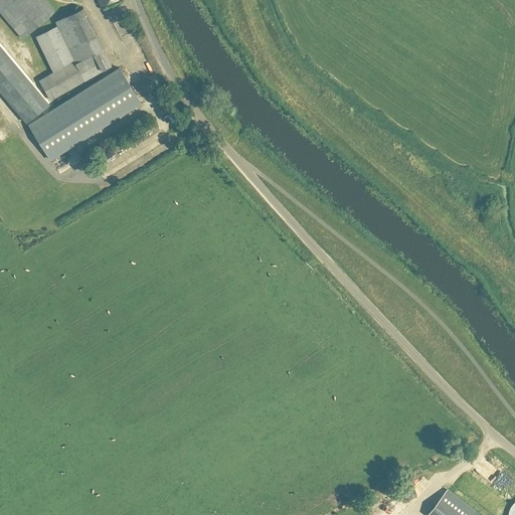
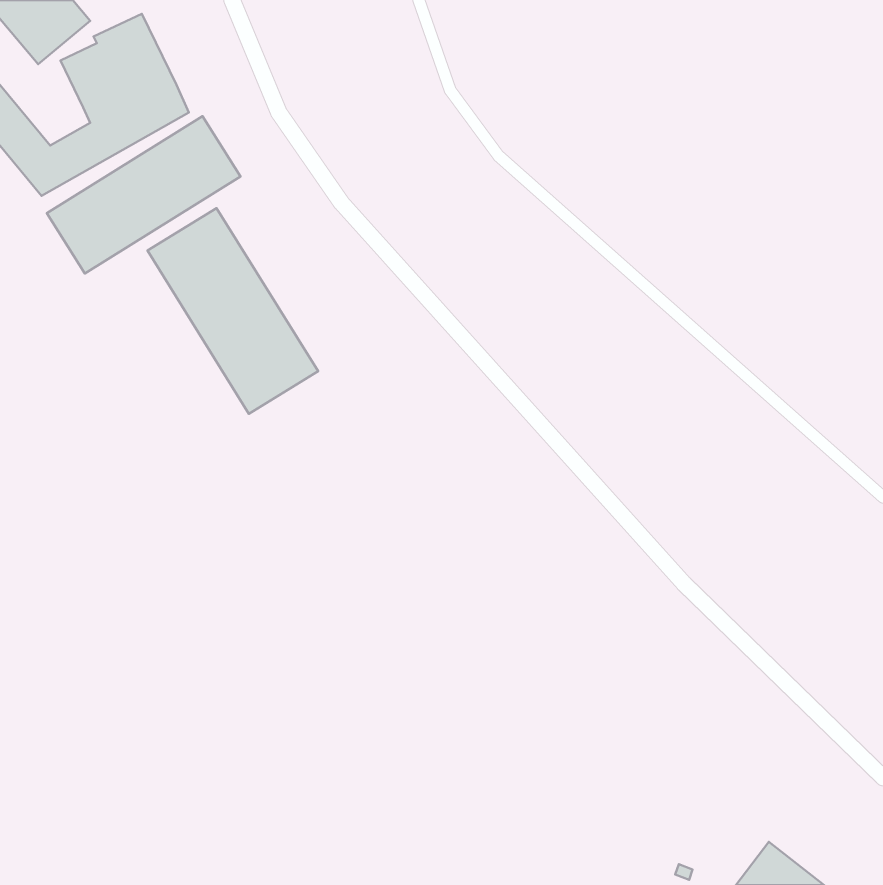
building: none -> [147,208,318,414]

